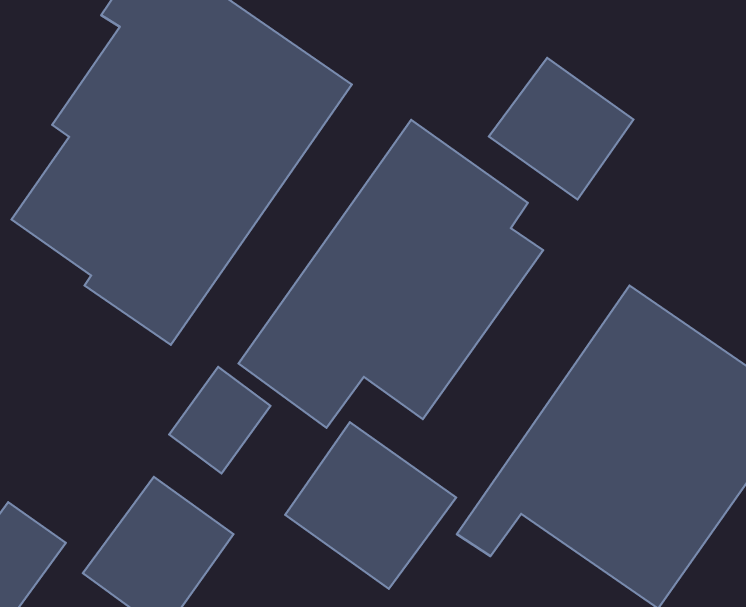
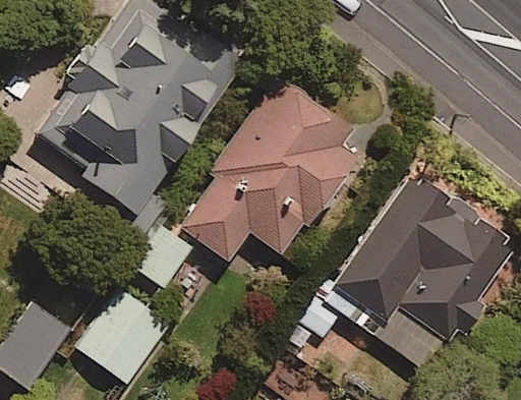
building: [489,58,633,199] -> none
building: [285,422,456,589] -> none

